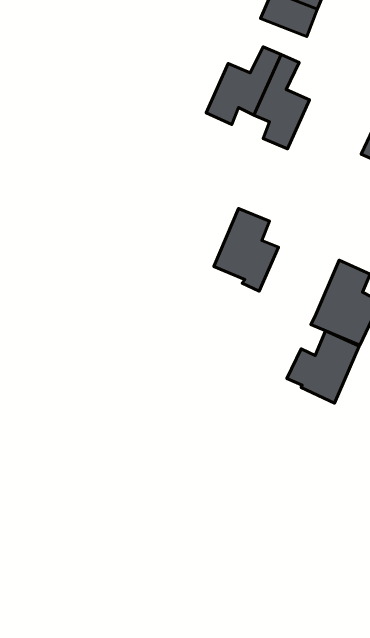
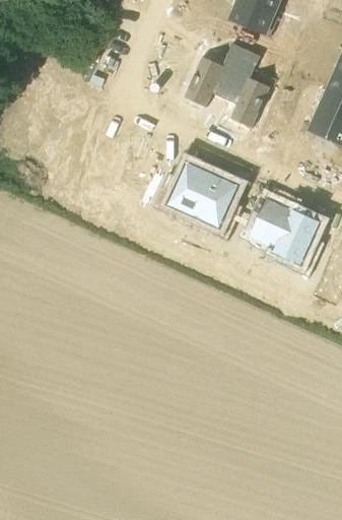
building: none -> [155,161,213,216]
building: [287,331,359,403] -> [235,199,292,256]

